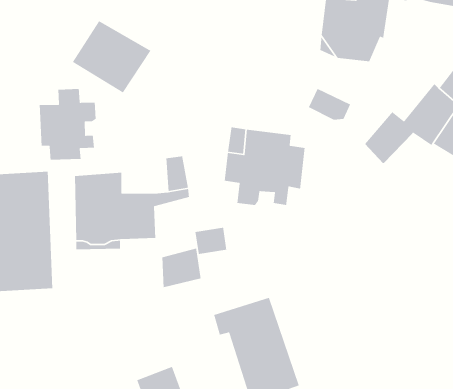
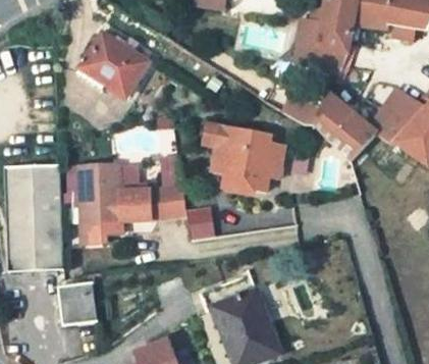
building: none -> [316,87,358,142]
building: [39,88,96,161] -> none
building: [162,247,201,288] -> [151,189,185,224]
building: none -> [63,285,93,326]

